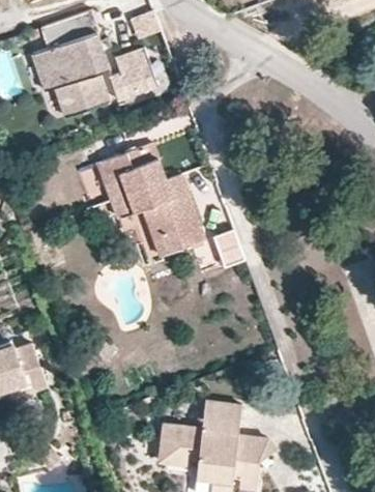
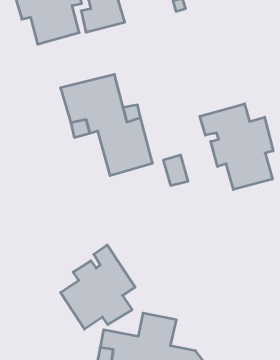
building: none -> [200,104,273,190]
building: none -> [61,245,135,329]

